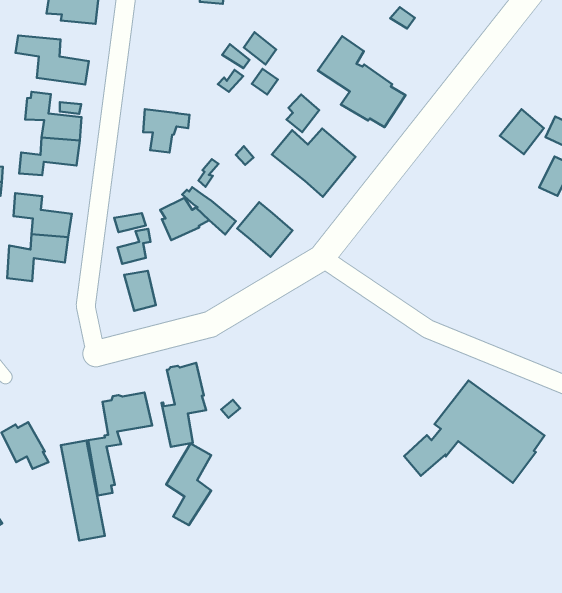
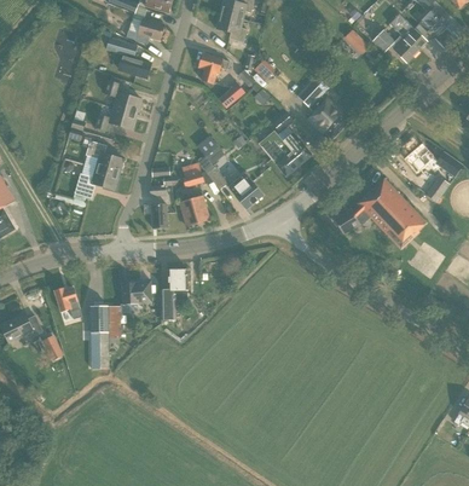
building: [143,109,190,152] -> [198,52,230,82]
building: none -> [179,195,209,226]
building: [404,380,544,483] -> [334,178,425,248]
building: [166,443,211,525] -> none

